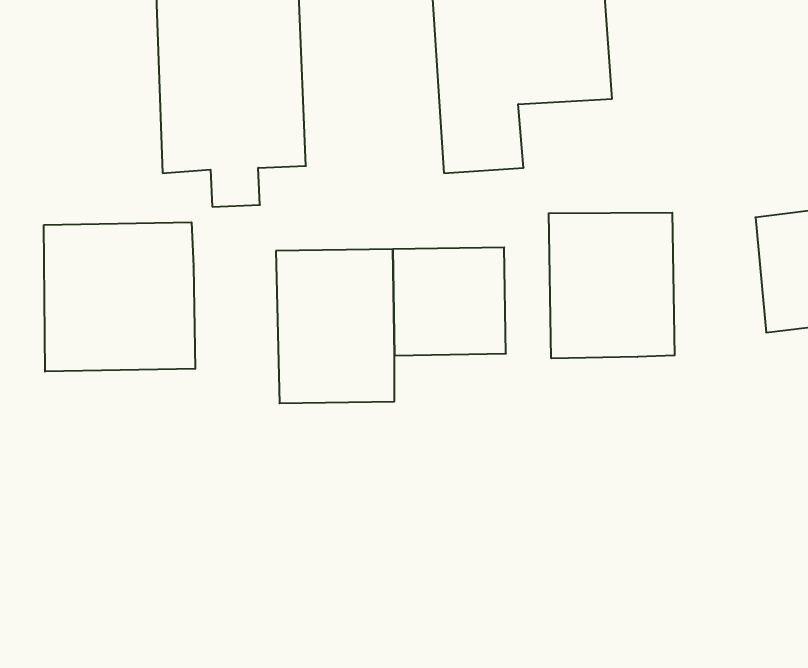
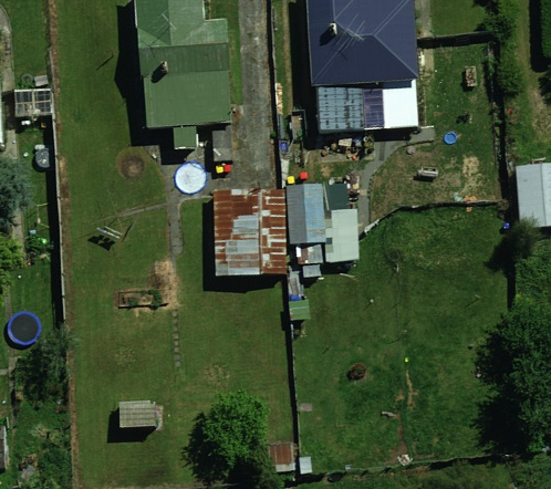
building: [549,213,675,358] -> none
building: [44,222,195,372] -> none

